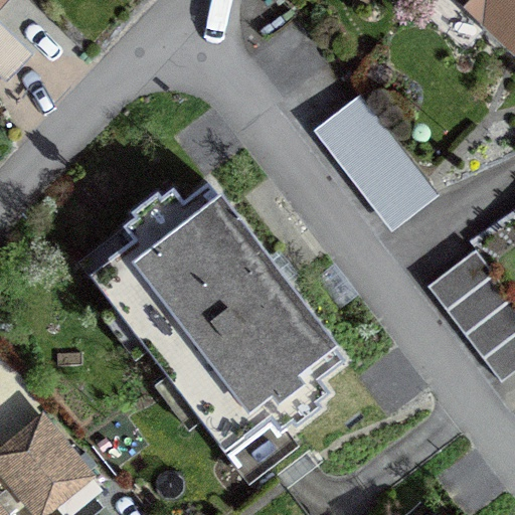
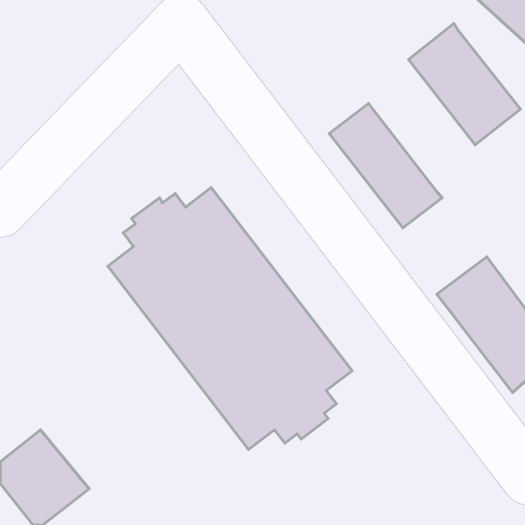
building: none -> [409,24,520,145]

